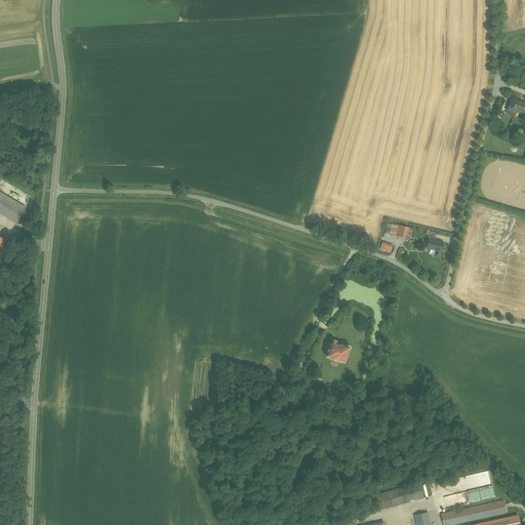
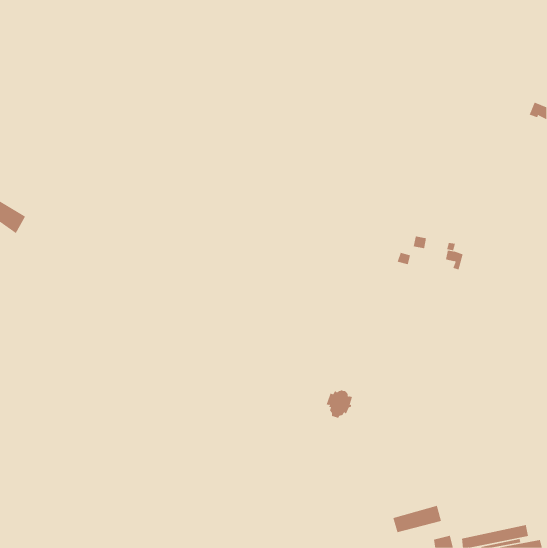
building: [324,338,350,366] -> [326,389,353,418]

